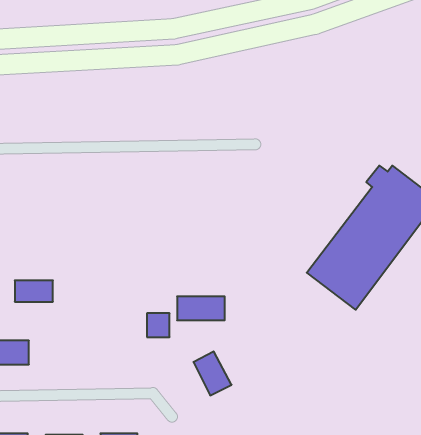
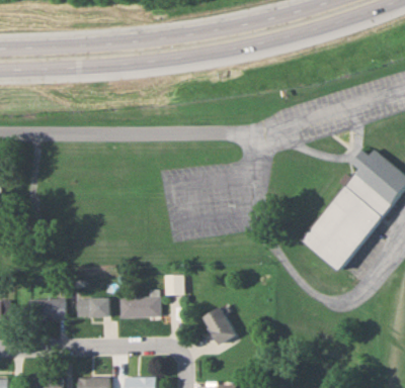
building: [15,280,53,302] -> [76,298,108,316]
building: [177,296,225,320] -> [119,297,160,317]

